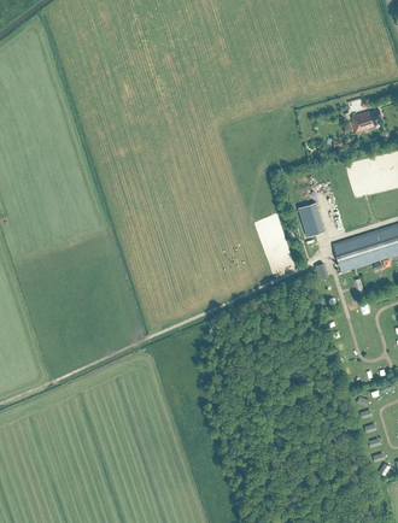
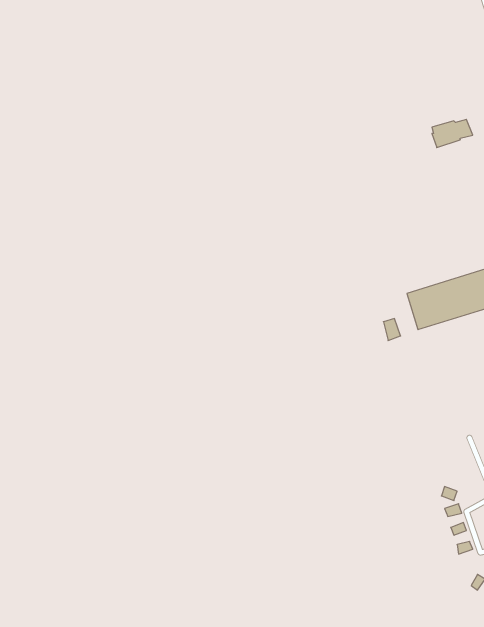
building: [298,202,323,236] -> none

